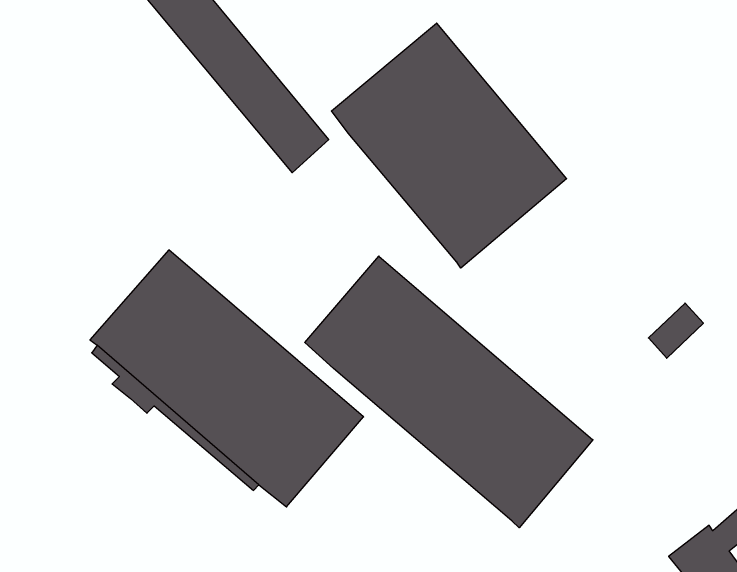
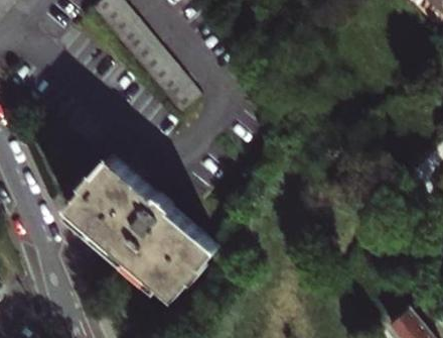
building: [331,23,567,268] -> none
building: [305,256,593,528] -> none

